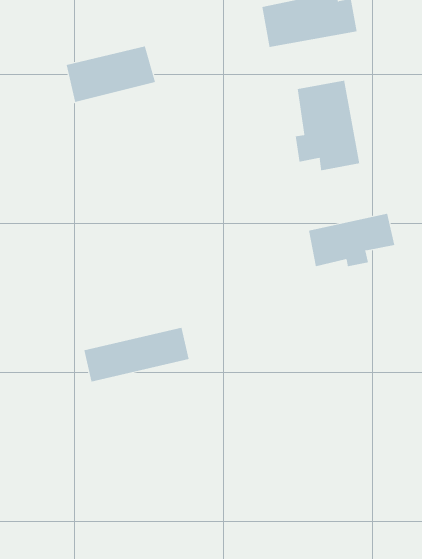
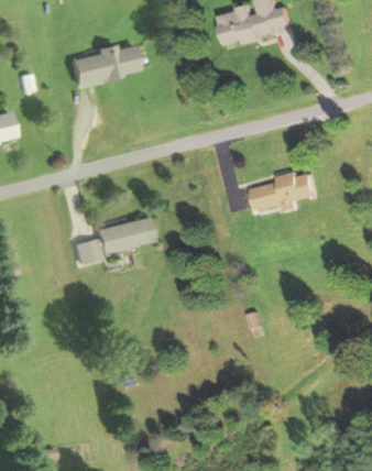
building: [295,80,360,171] -> none
building: [84,327,189,382] -> [75,218,155,260]

